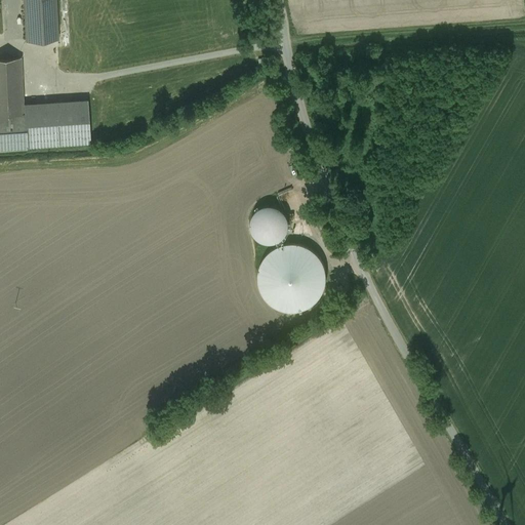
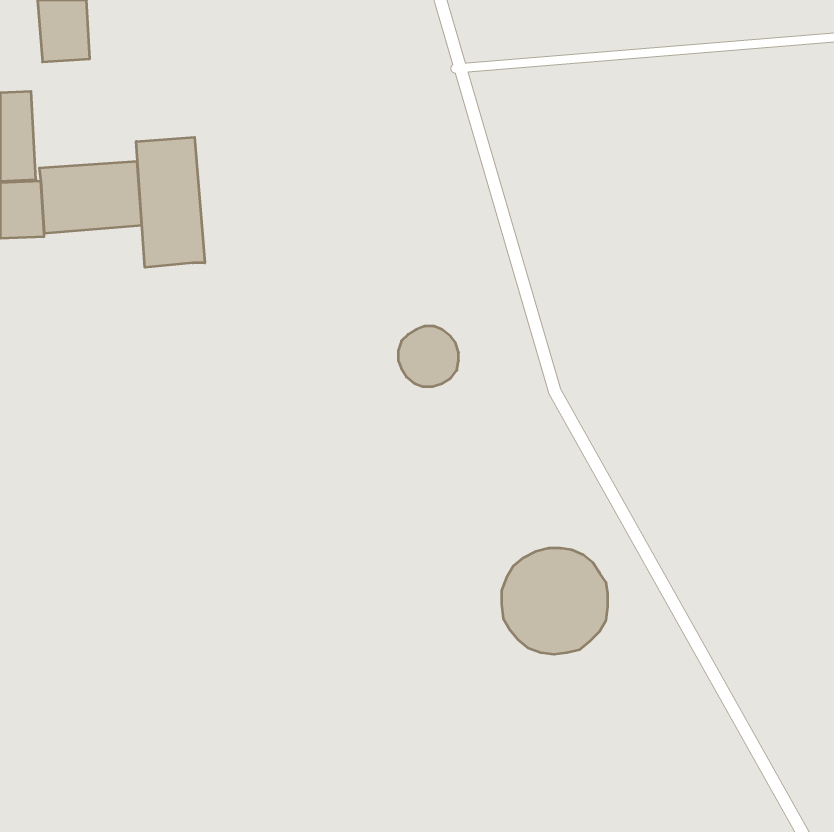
building: none -> [136,137,205,267]
building: [258,245,325,312] -> [502,548,608,654]

